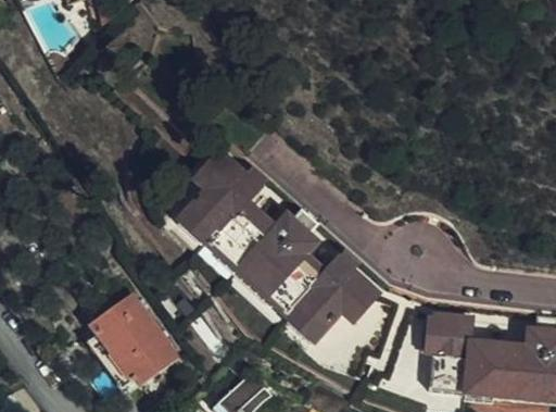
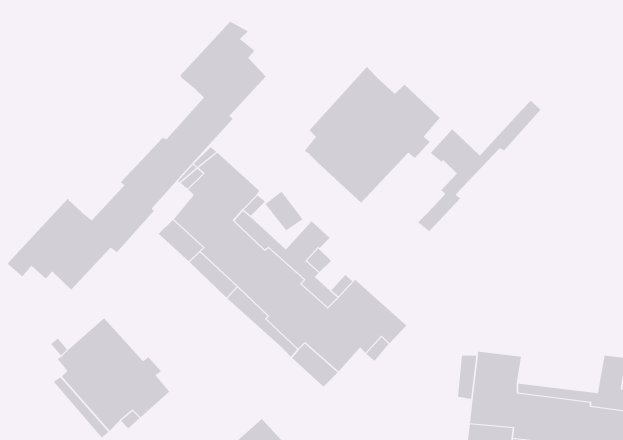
building: none -> [7,21,266,290]
building: none -> [304,66,441,204]
building: none -> [417,100,541,232]

